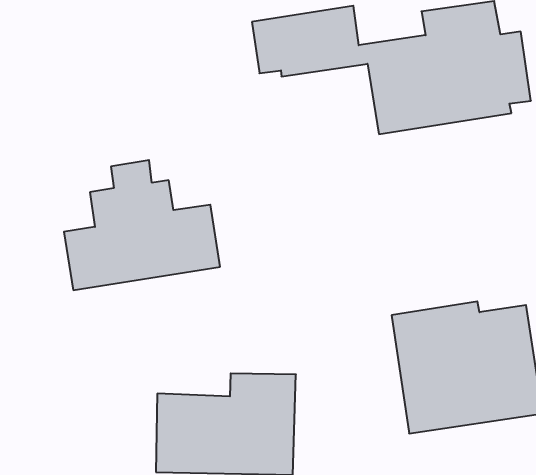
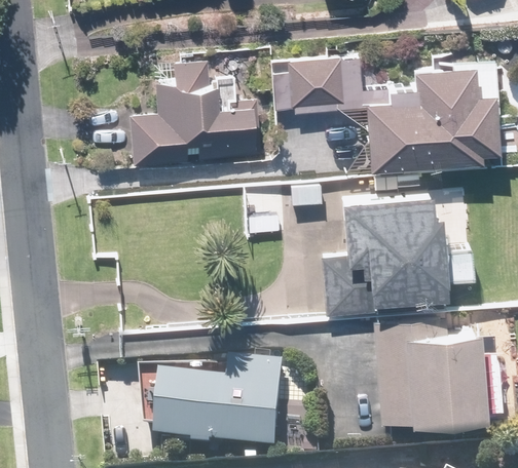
building: none -> [319,186,454,313]
building: [64,160,220,290] -> [125,60,256,165]

